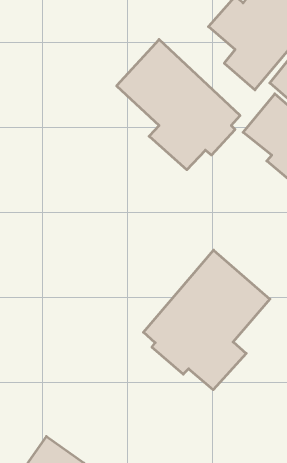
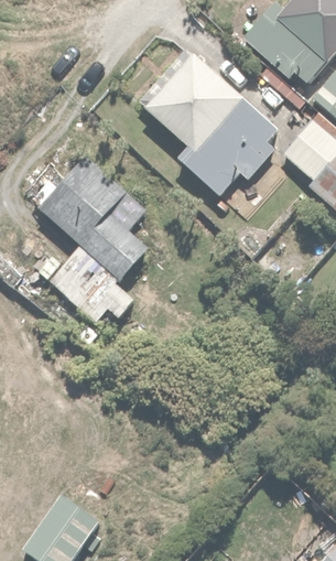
building: none -> [30,155,150,328]
building: [143,250,270,390] -> none

